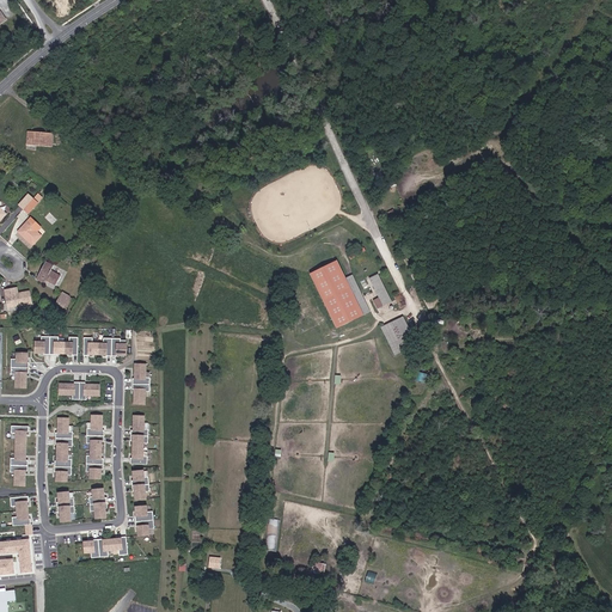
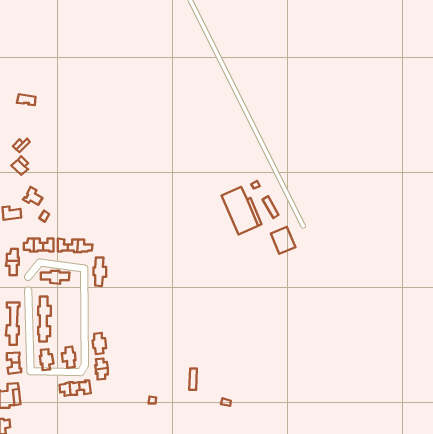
building: [85,415,103,477] -> none
building: [129,415,148,463] -> none

